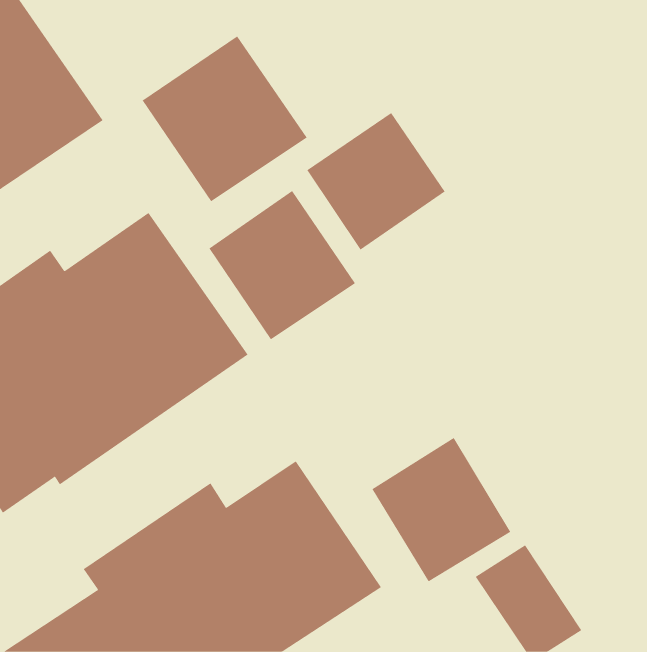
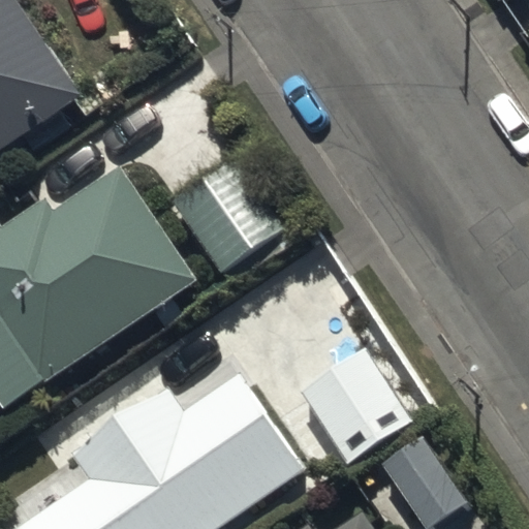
building: [142,36,308,202] -> none
building: [307,112,446,250] -> none

